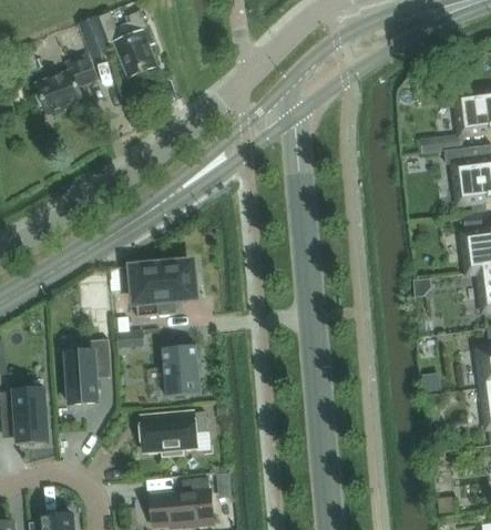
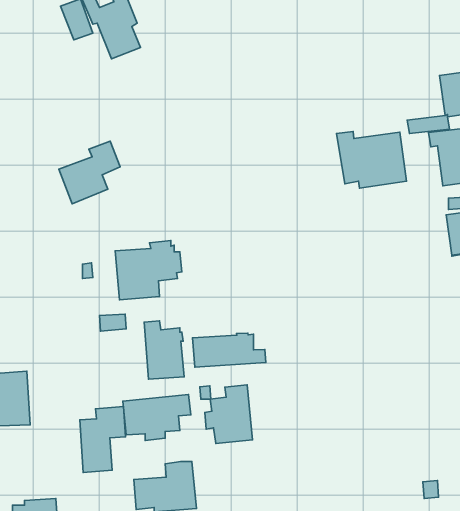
building: [35,53,96,115] -> [59,141,120,204]
building: none -> [336,132,407,188]
building: [65,339,111,405] -> [80,407,126,472]
building: none -> [192,333,266,367]
building: none -> [205,385,253,444]

